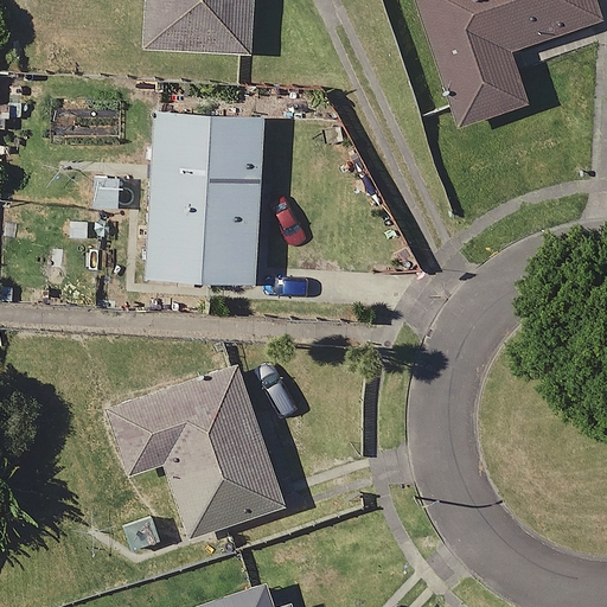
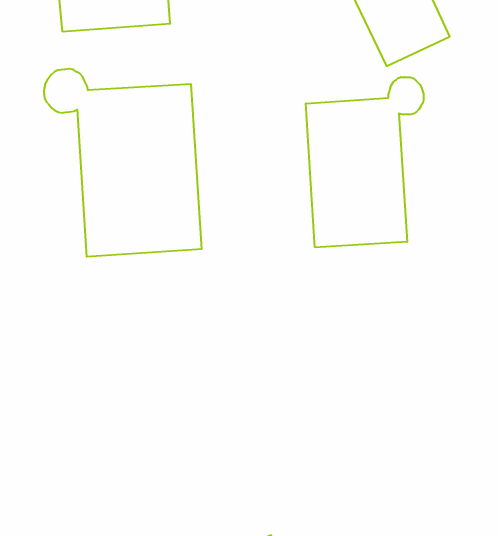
building: none -> [306,77,424,247]
building: [106,365,283,538] -> none

